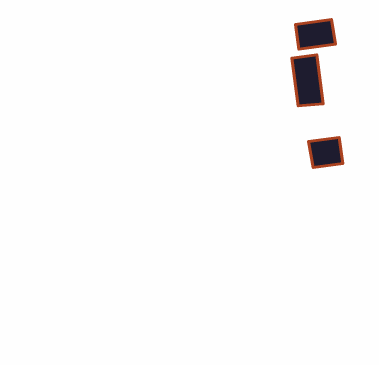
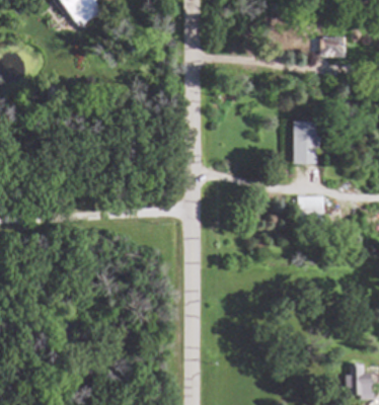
building: [296,20,336,49] -> none

